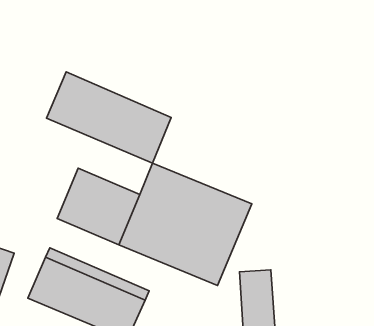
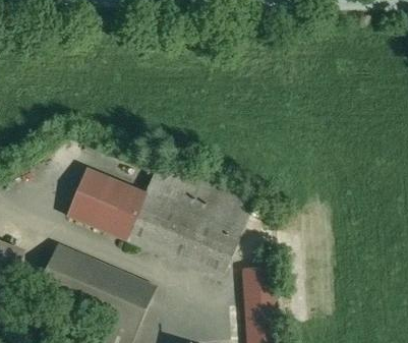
building: [47,72,171,163] -> none

